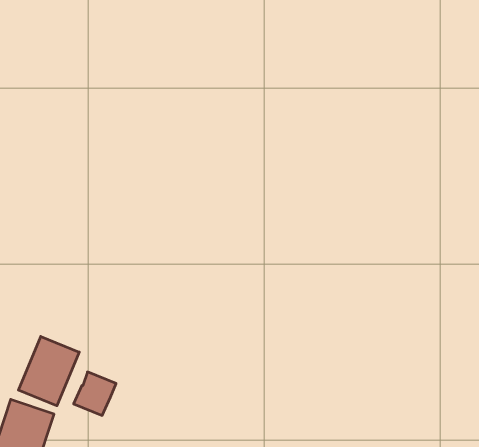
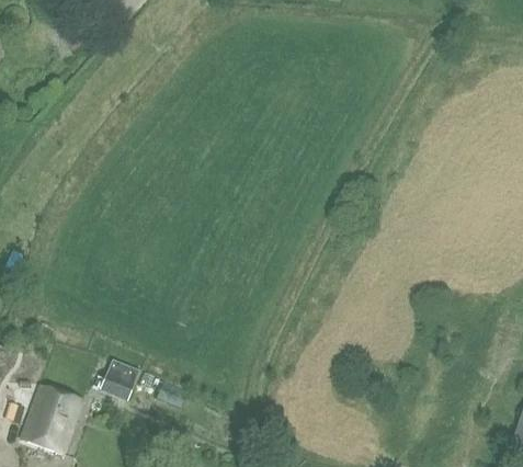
building: [18,336,79,406] -> none

